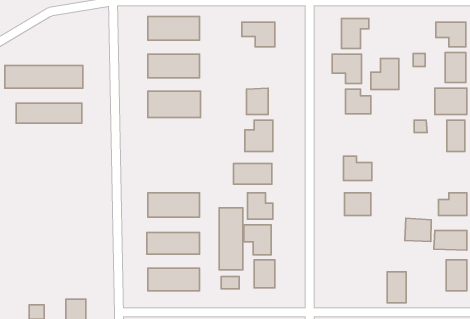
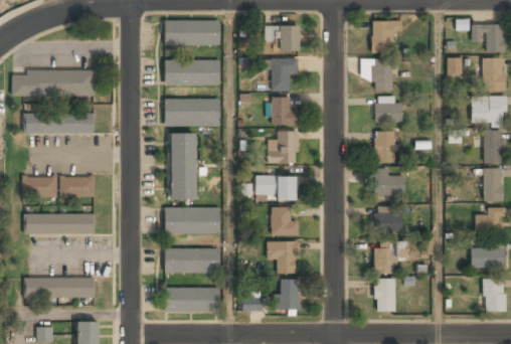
building: none -> [272,58,299,91]
building: [371,59,399,90] -> none
building: none -> [375,132,395,163]
building: none -> [484,168,503,200]
building: none -> [23,176,96,197]
building: none -> [25,213,96,233]
building: [219,208,243,270] -> [171,134,196,200]
building: [405,218,431,241] -> none
building: none -> [374,242,406,274]
building: none -> [25,278,96,298]
building: [387,272,406,303] -> [375,279,395,312]

